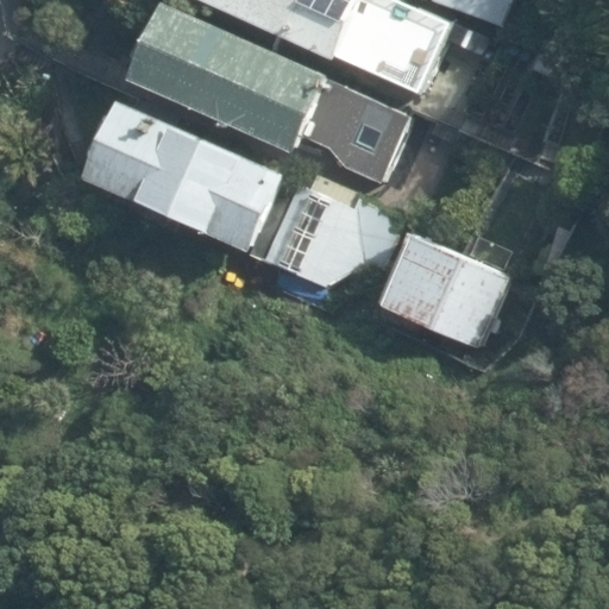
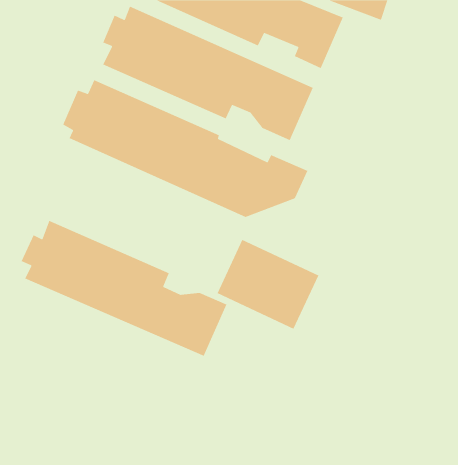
building: [376,232,510,351] -> [216,239,319,330]
building: none -> [21,220,227,357]

